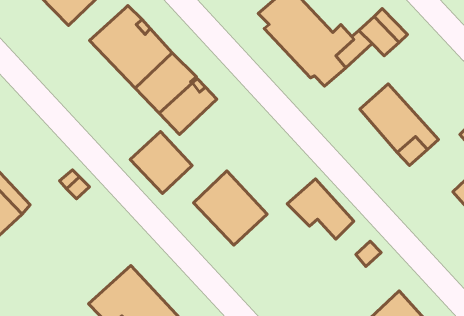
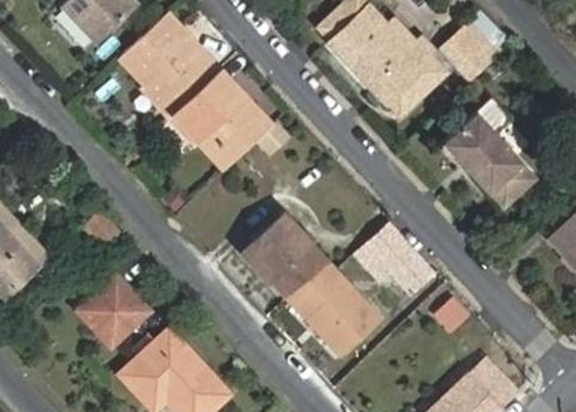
building: [130,131,192,193] -> none
building: none -> [290,265,380,355]
building: none -> [77,273,147,343]

